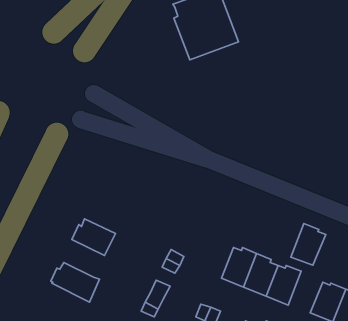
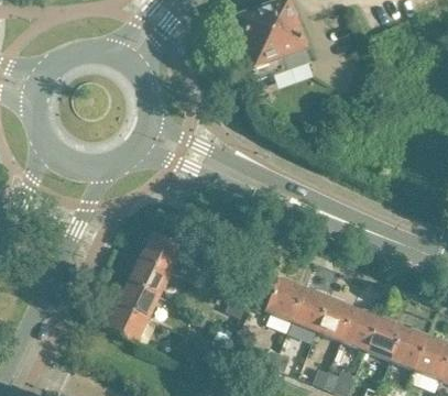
building: none -> [141,232,186,273]
building: [291,224,326,265] -> [367,315,405,361]
building: none -> [267,276,306,322]
building: none -> [118,279,163,321]

